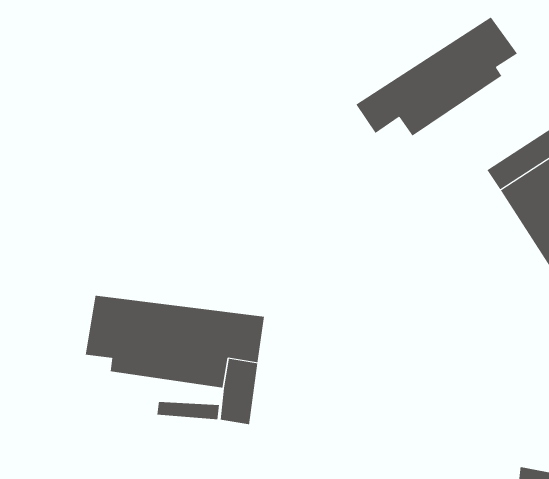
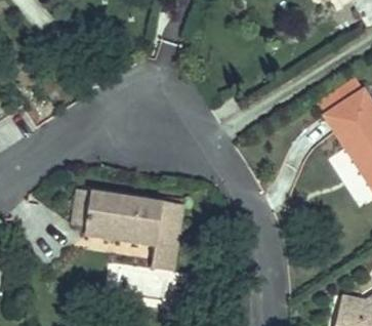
building: [355,16,518,136] -> none

